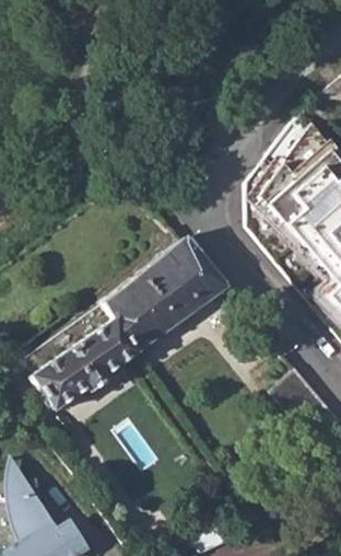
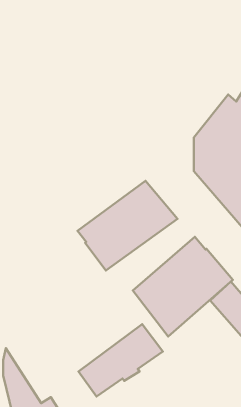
building: none -> [133,237,233,337]
building: [31,317,138,409] -> [78,324,163,396]

